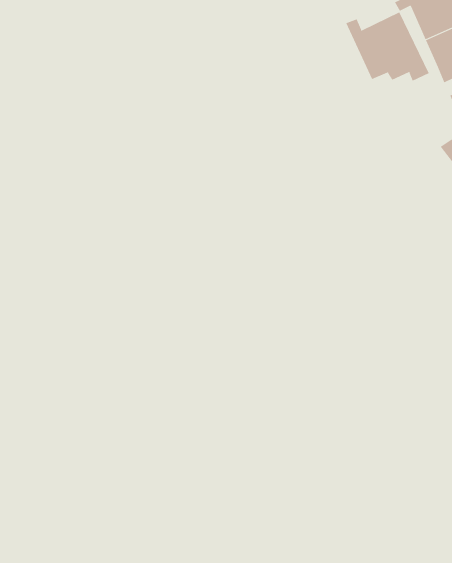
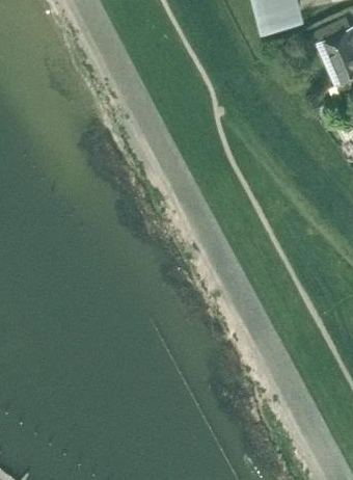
building: [345,12,429,81] -> none

